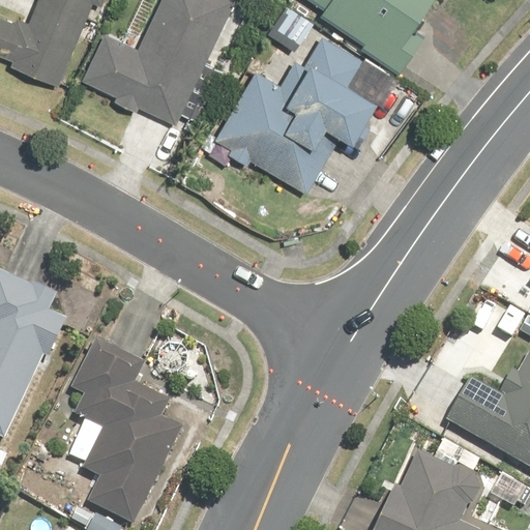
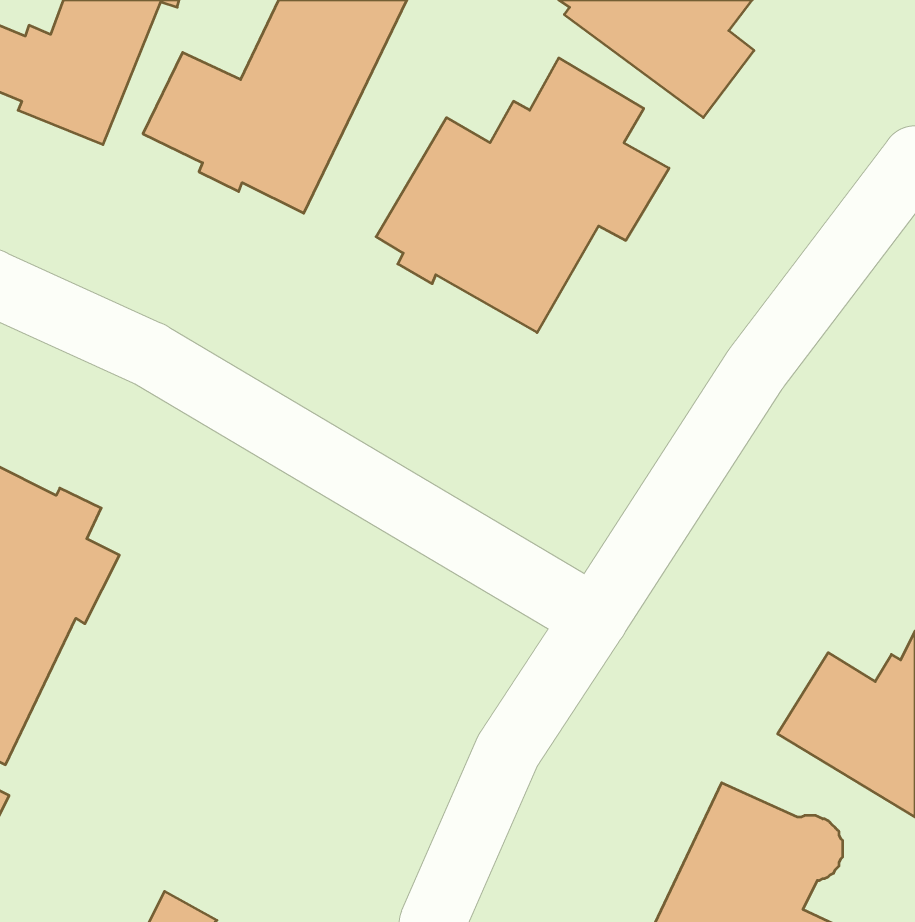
building: [69,335,183,525] -> none

